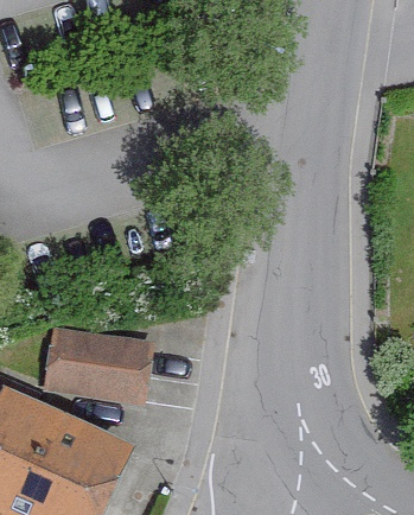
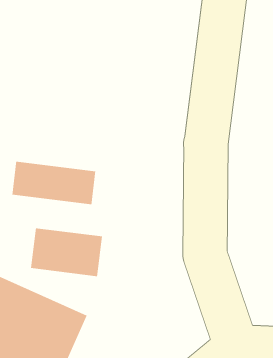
building: none -> [12,161,96,205]

